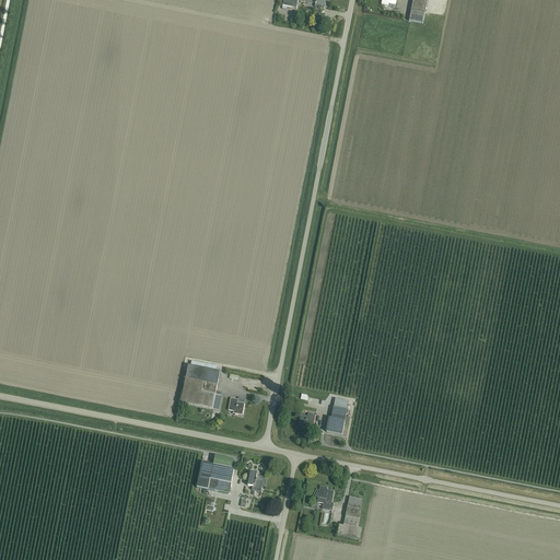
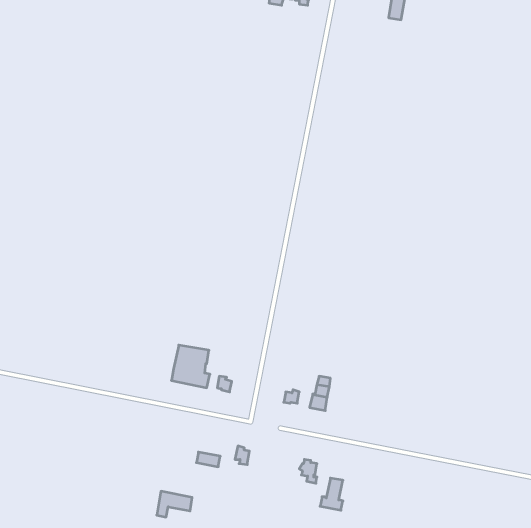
building: [197,459,234,487] -> [157,491,192,517]

